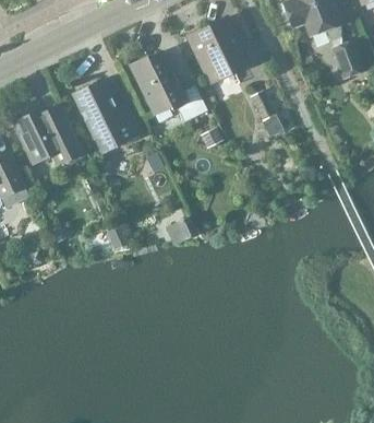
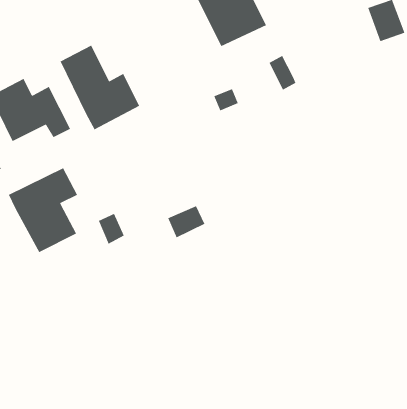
building: [129,52,205,122] -> none
building: none -> [8,167,78,253]

